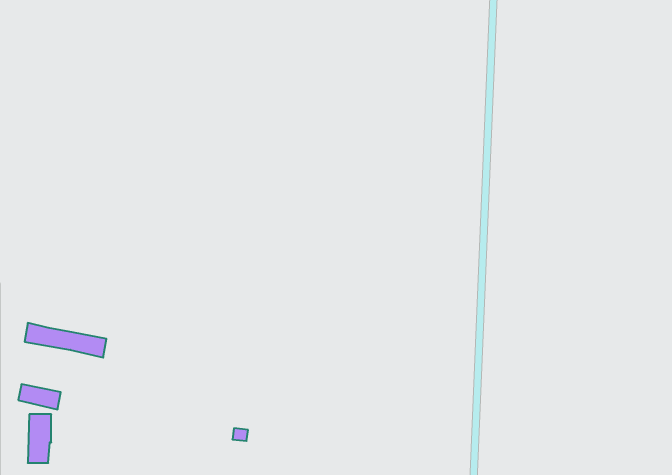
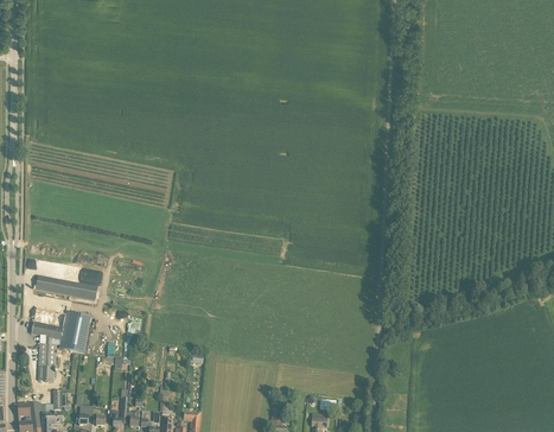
building: none -> [59,311,91,352]

